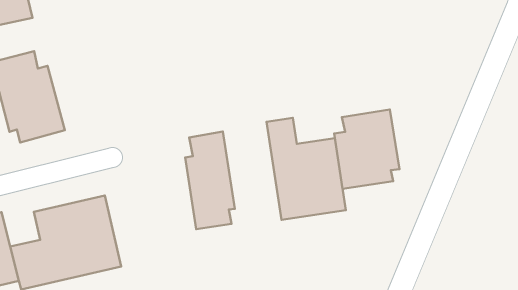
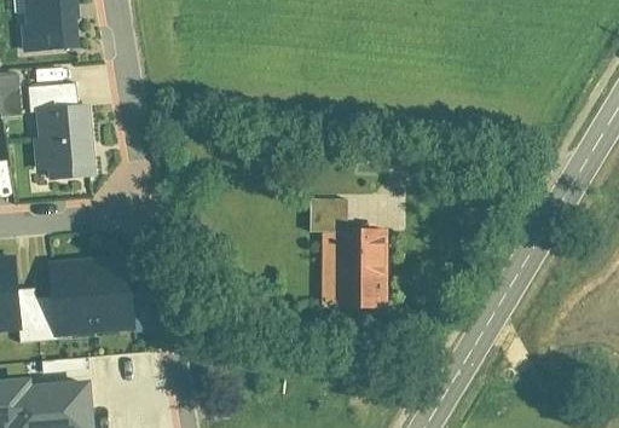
building: [334,109,399,189] -> none
building: [185,131,235,229] -> none

